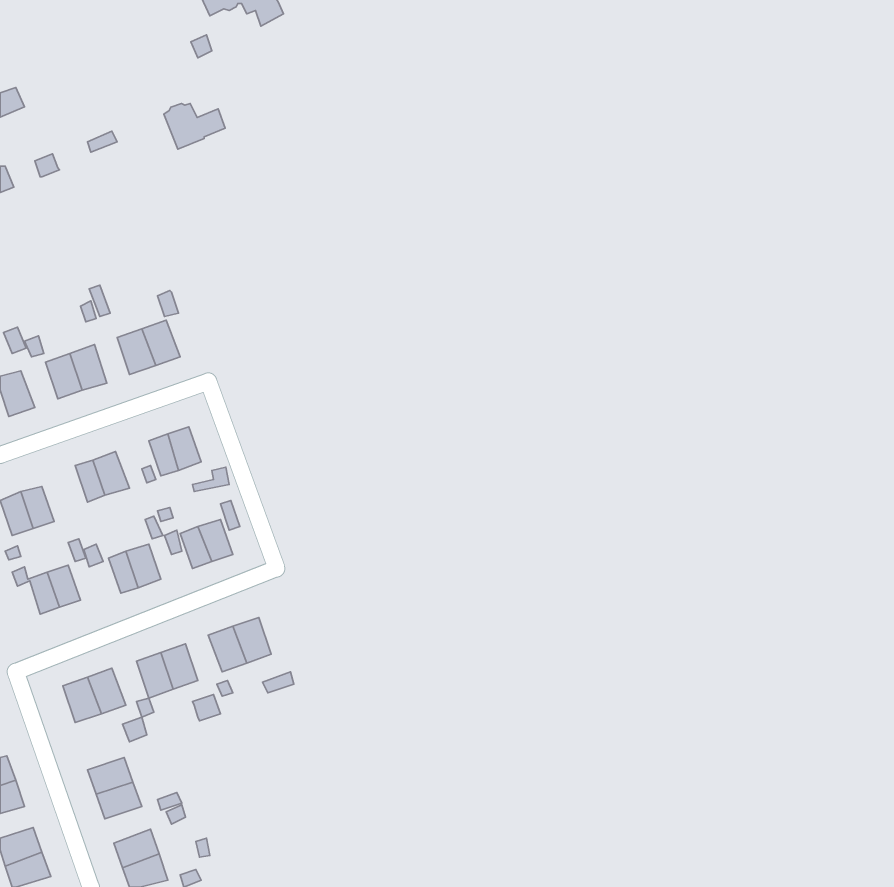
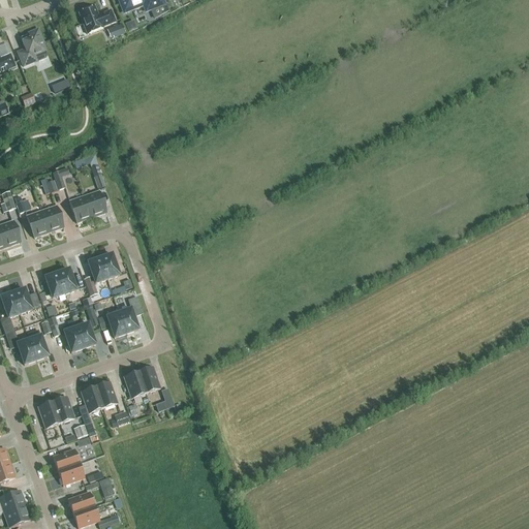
building: none -> [17,26,46,64]
building: [164,104,225,149] -> [79,4,115,31]

